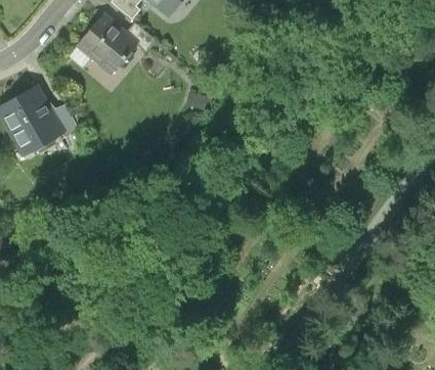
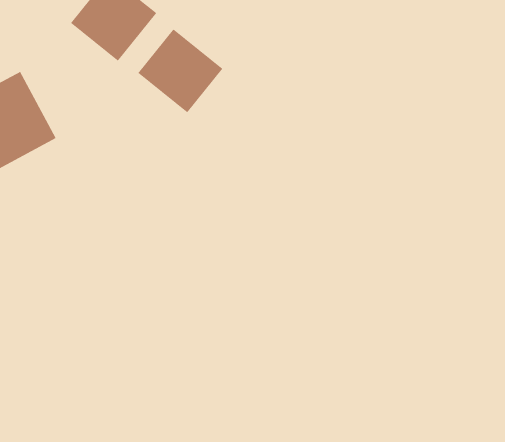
building: none -> [138,29,223,113]

